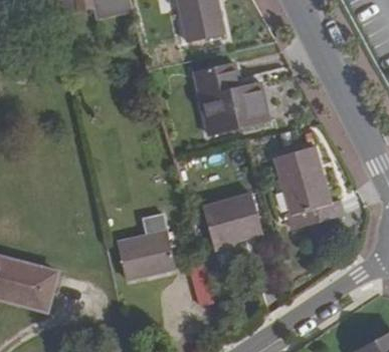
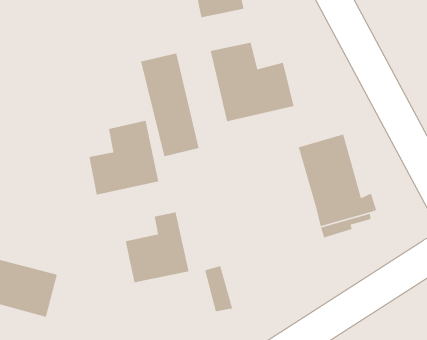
building: none -> [140,53,199,157]
building: none -> [88,120,159,195]
building: [201,192,261,246] -> none

